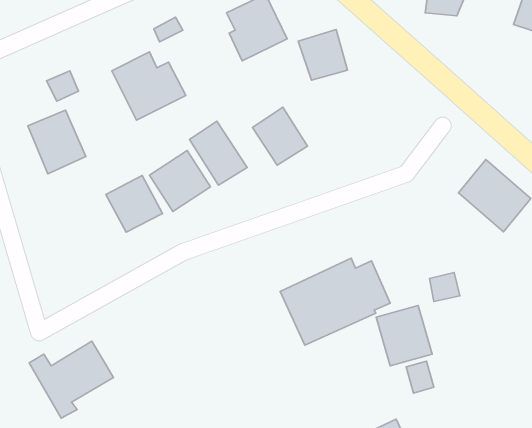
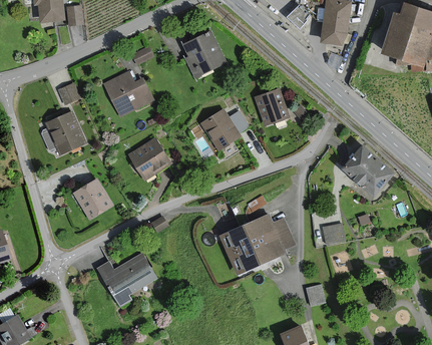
building: [298,29,348,80] -> [254,89,288,124]
building: [189,121,247,185] -> none
building: [106,176,162,232] -> [72,180,111,219]
building: [376,305,432,366] -> none
building: [29,341,113,418] -> [97,253,155,306]

